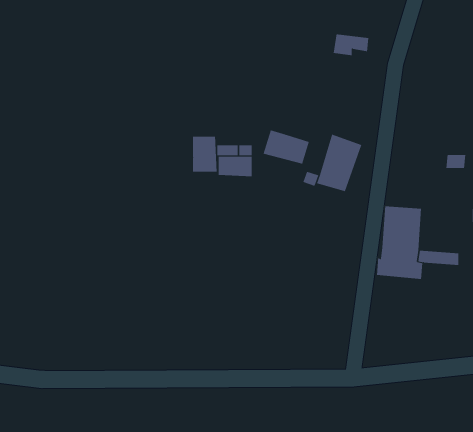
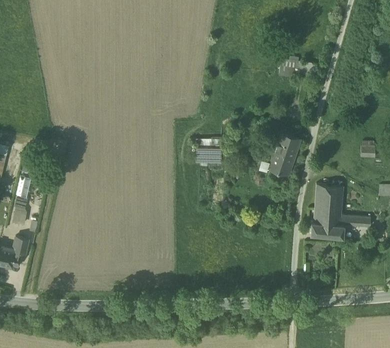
building: [263,130,309,165] -> none
building: [193,136,217,173] -> none

